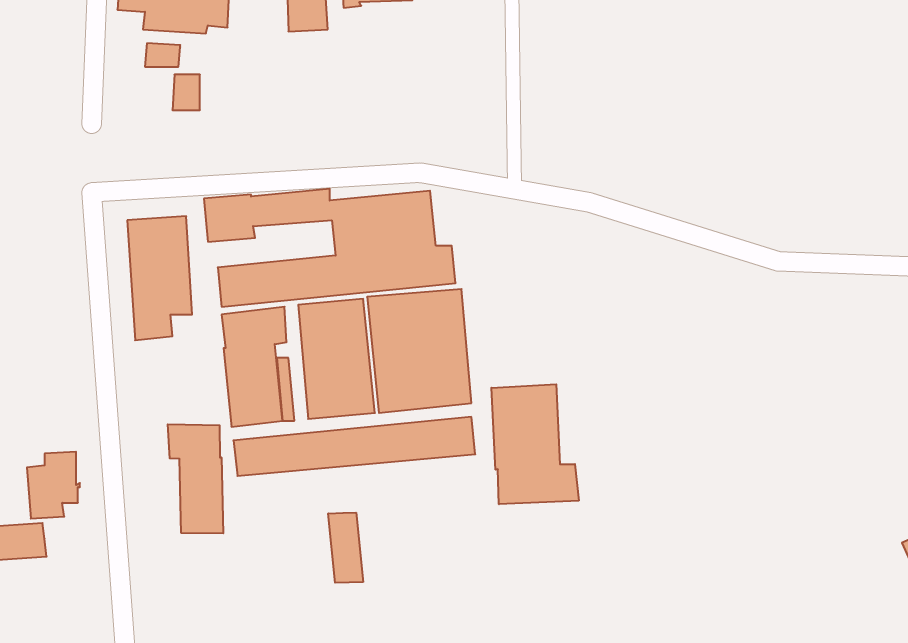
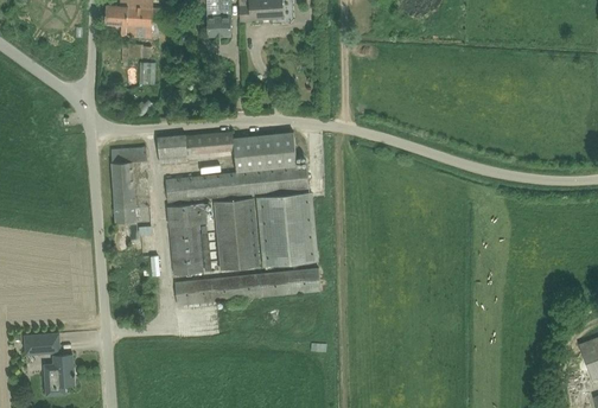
building: [491,384,579,504] -> none
building: [168,424,223,533] -> none
building: [27,452,80,519] -> [43,353,75,394]
building: [328,513,363,583] -> none

